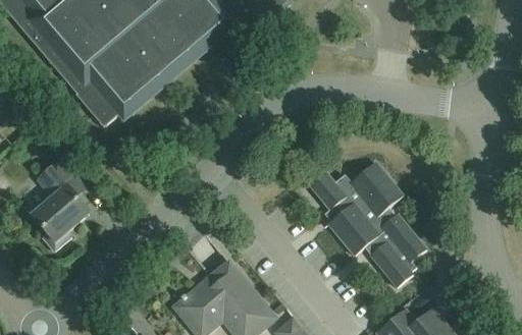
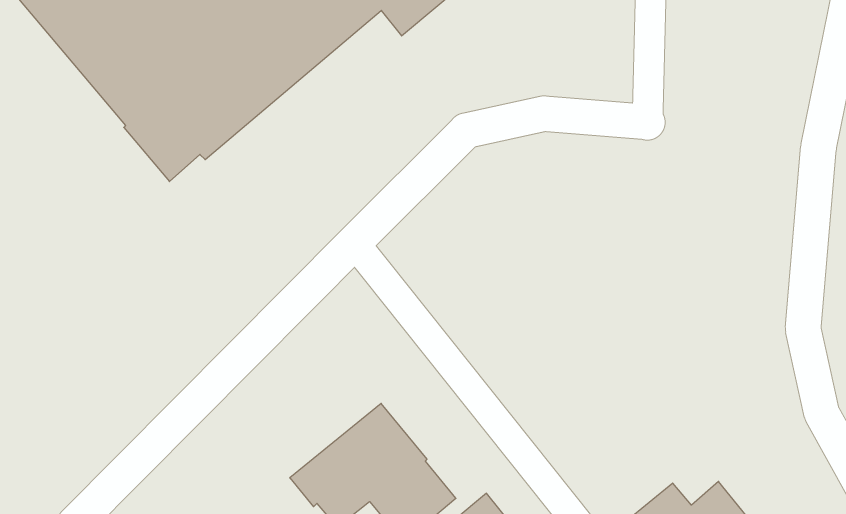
building: [31,159,90,250] -> none
building: [311,162,427,287] -> none

